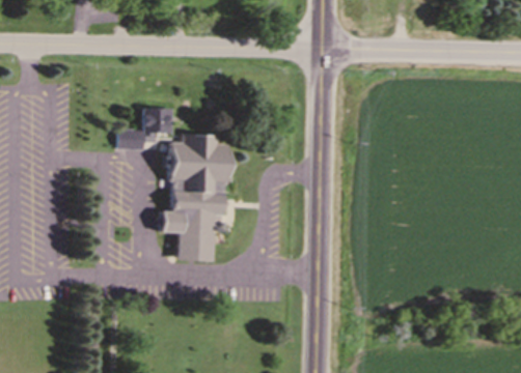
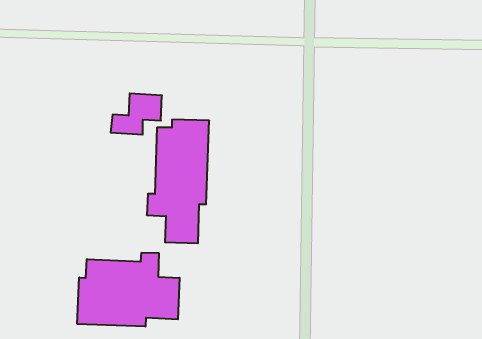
building: none -> [77,253,180,327]

